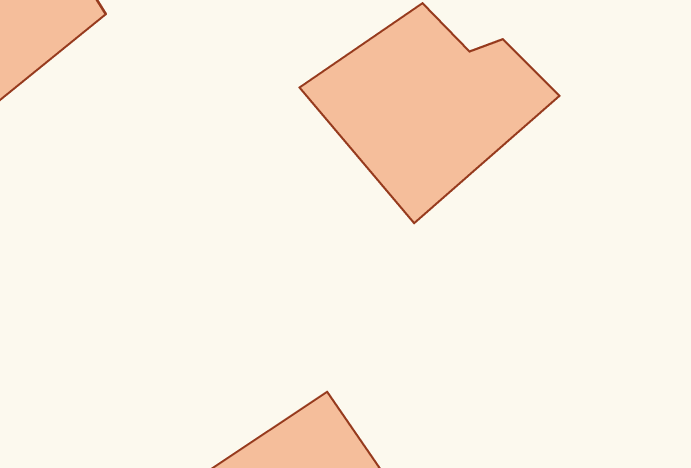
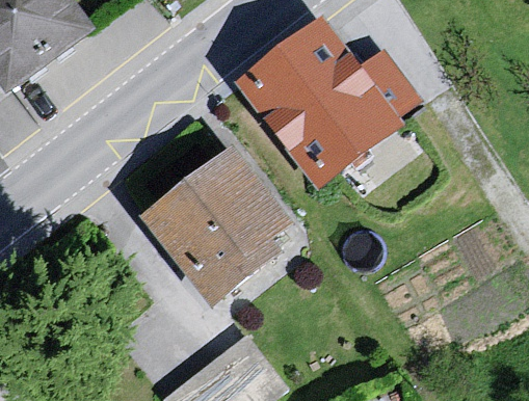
building: none -> [139,150,293,304]

